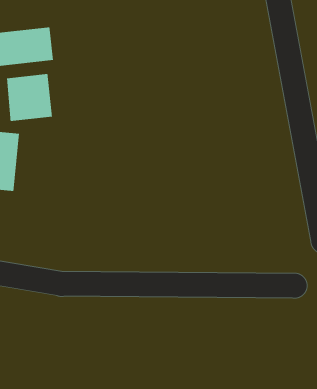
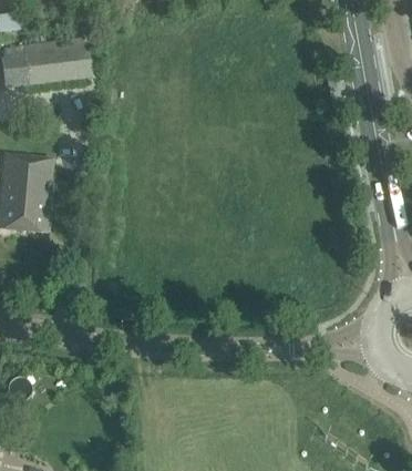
building: [6,73,53,122] -> none

